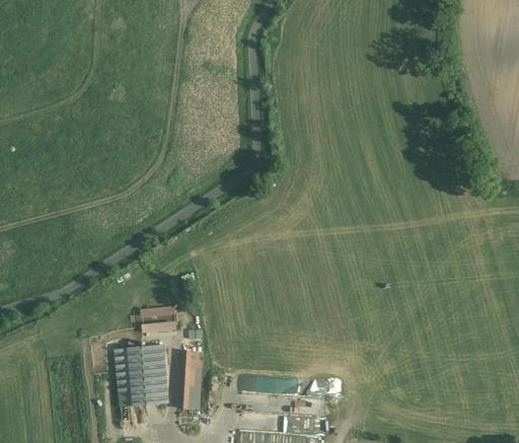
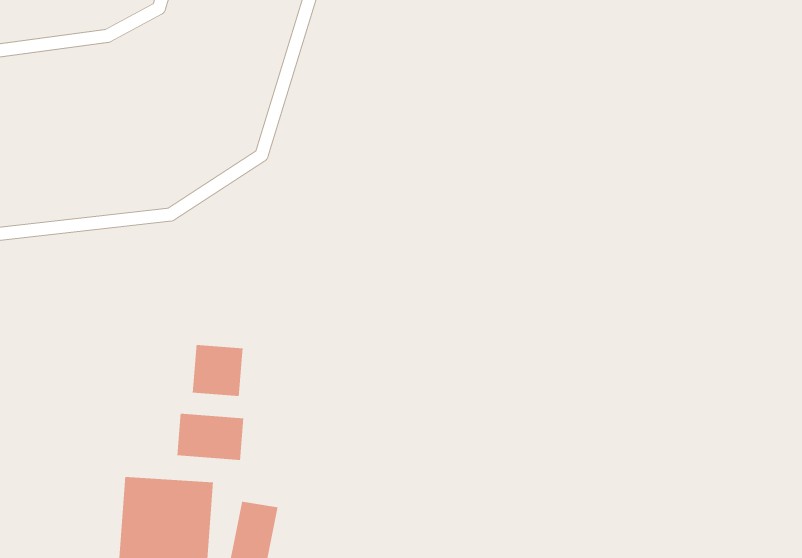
building: none -> [192,344,243,397]

